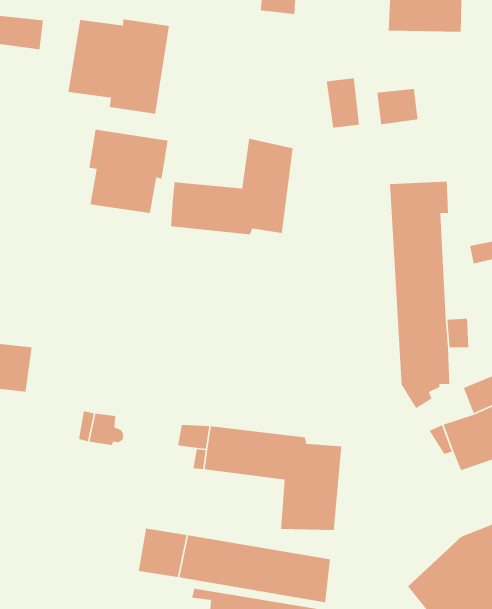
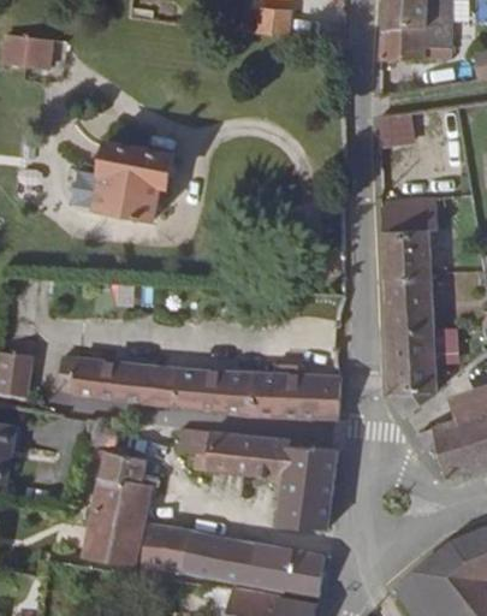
building: [68,18,170,114] -> none
building: [326,78,360,129] -> none
building: [170,138,294,235] -> none
building: none -> [70,350,342,419]
building: none -> [88,455,160,568]

